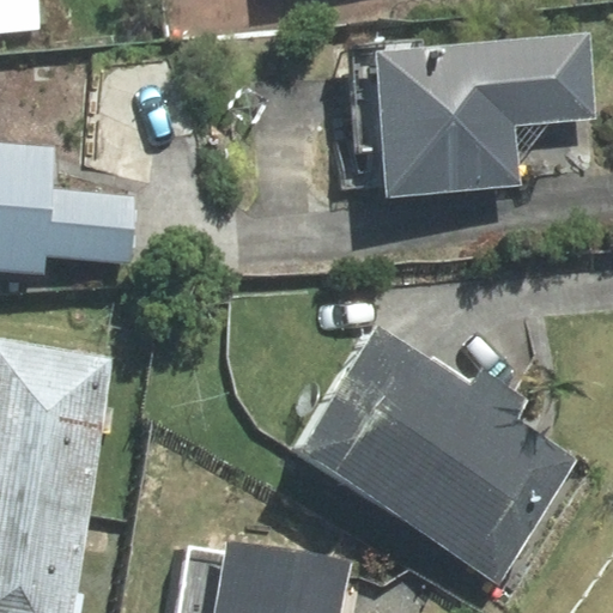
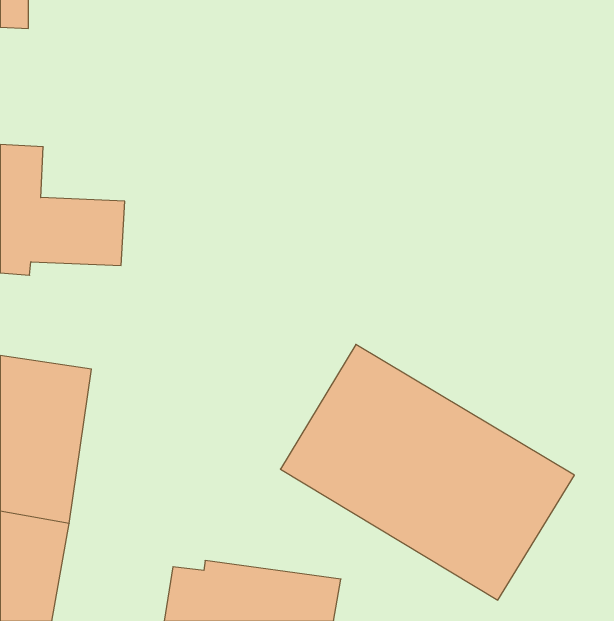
building: [363,35,596,196] -> none

